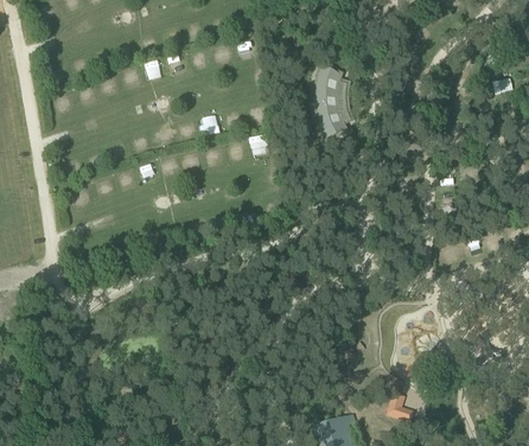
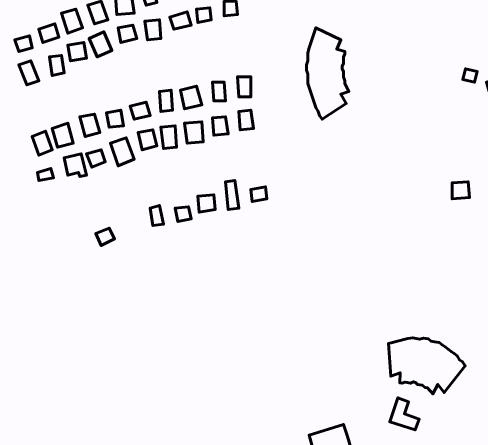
building: none -> [389,338,465,394]

